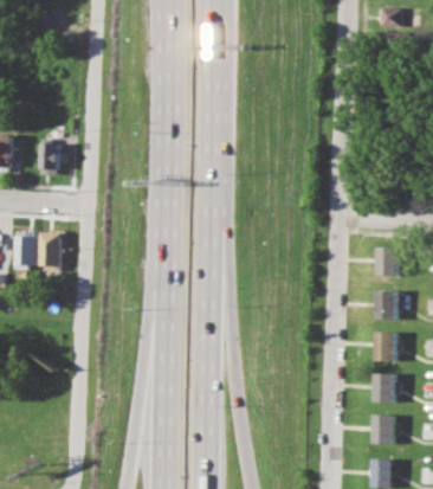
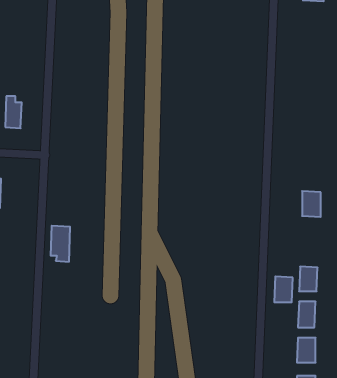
building: [38,231,60,272] -> [51,226,70,262]
building: [377,290,399,320] -> [274,276,293,302]

